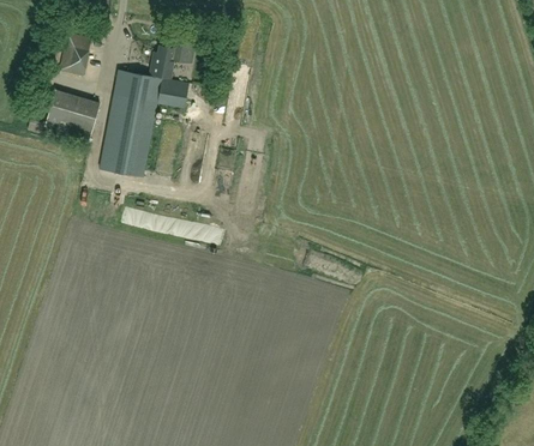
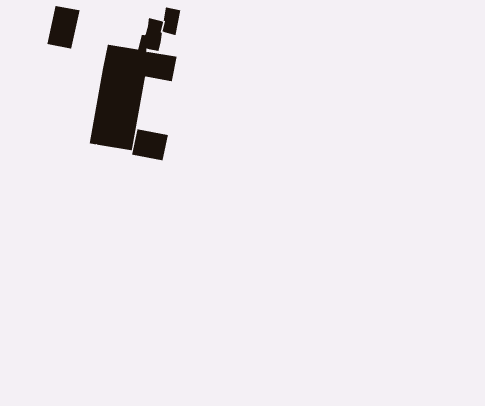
building: [43,89,100,139] -> none
building: none -> [132,128,168,161]

